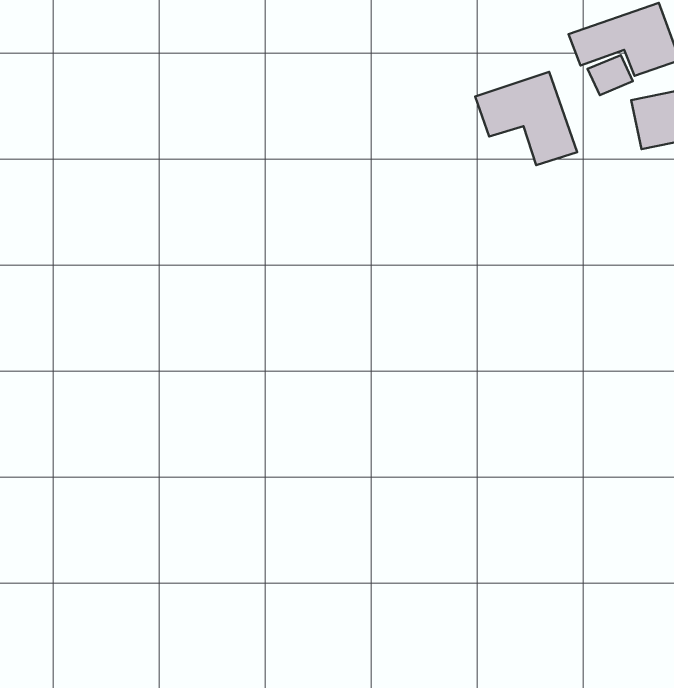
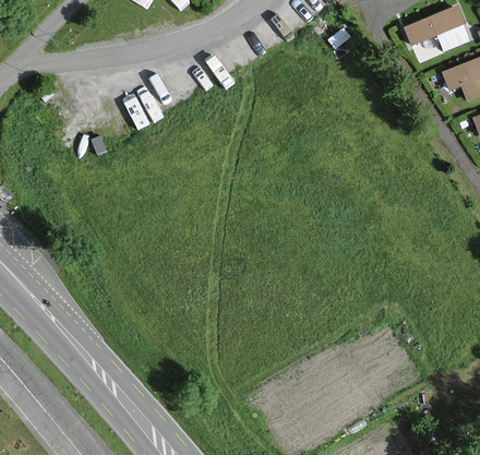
building: [475,72,577,165] -> none

